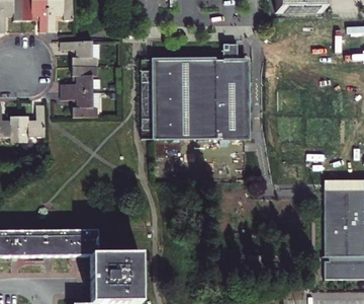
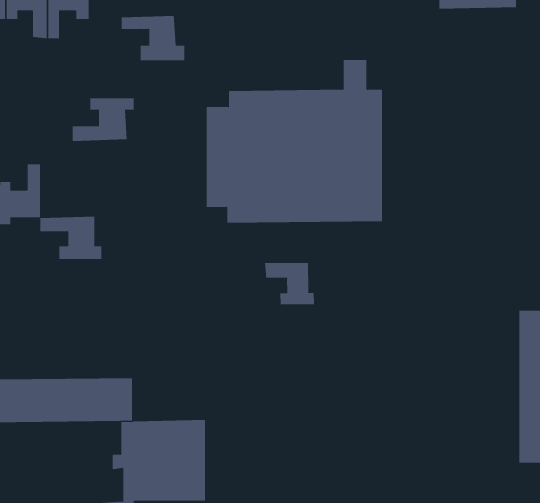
building: [63,40,100,66] -> [121,16,185,61]
building: [64,90,100,116] -> [40,216,102,260]
building: none -> [264,262,314,305]

